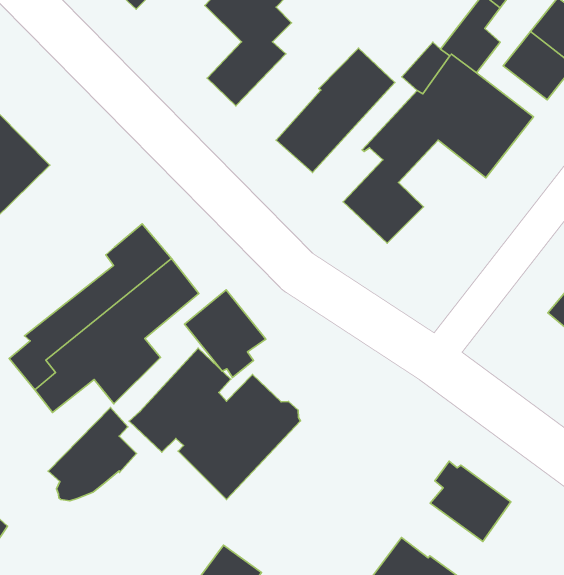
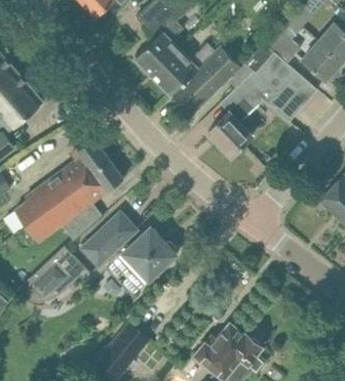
building: none -> [150,42,221,95]
building: [185,290,266,378] -> none
building: [430,461,511,541] -> none

